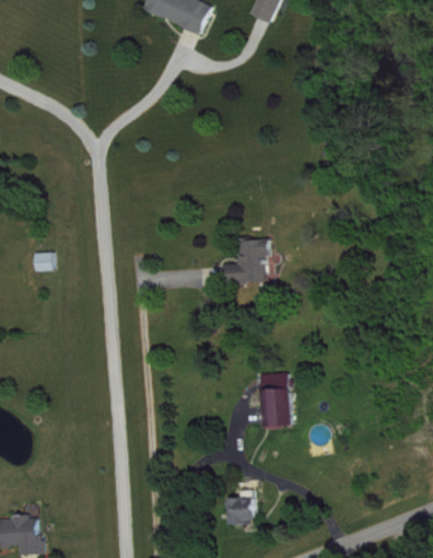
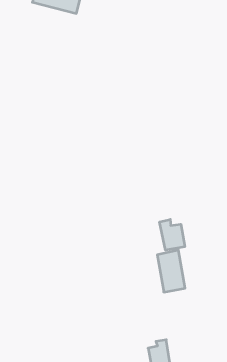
building: [223,240,269,282] -> none
building: none -> [160,219,185,250]

